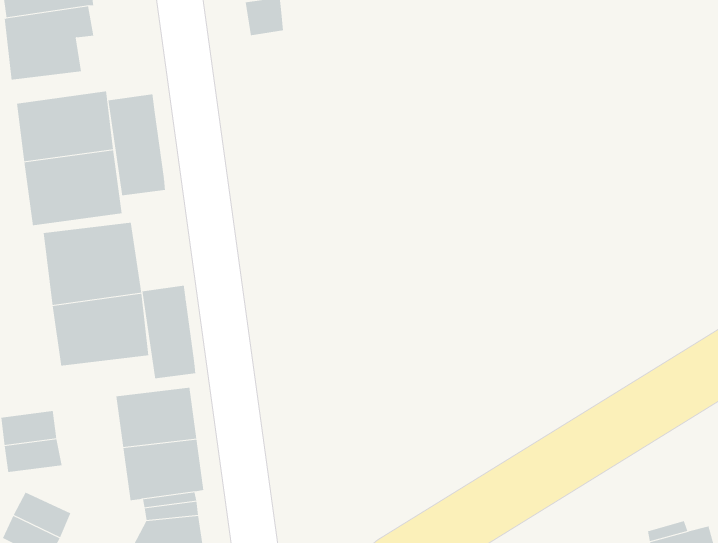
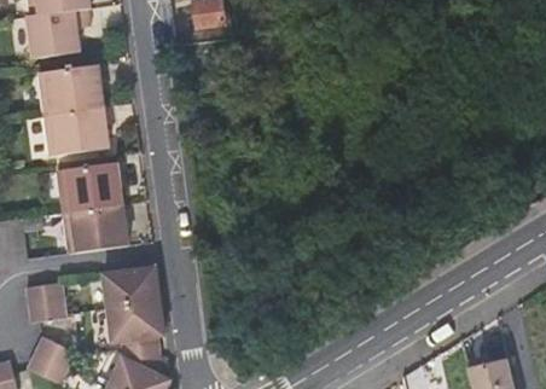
building: [108,94,166,196] -> none
building: [142,285,196,379] -> none

